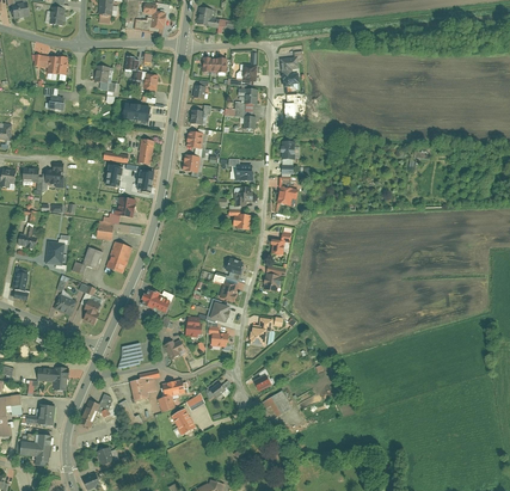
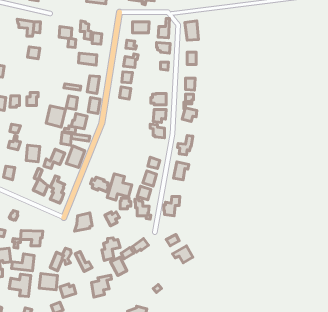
building: none -> [46,106,66,127]
building: none -> [107,174,132,200]
building: [130,369,160,401] -> [91,275,112,297]
building: none -> [39,273,57,290]

